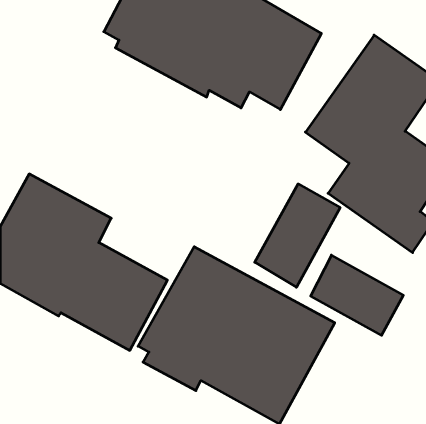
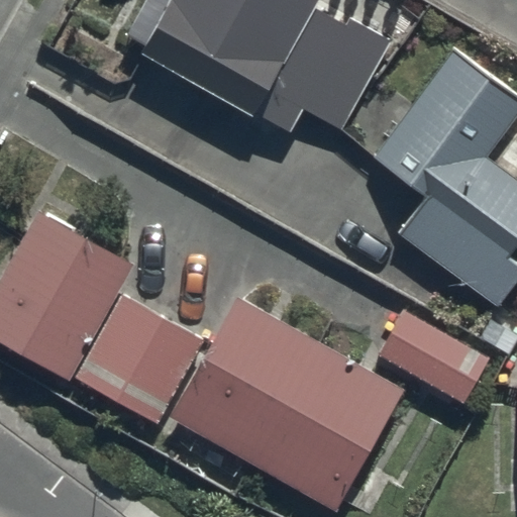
building: [255,184,340,287] -> none

